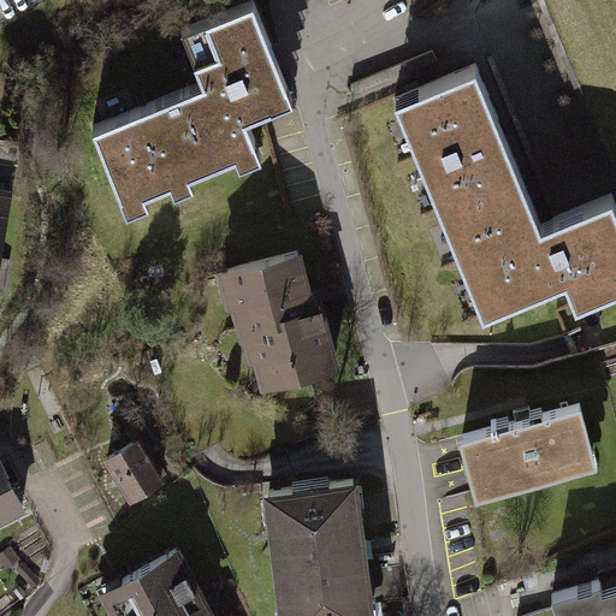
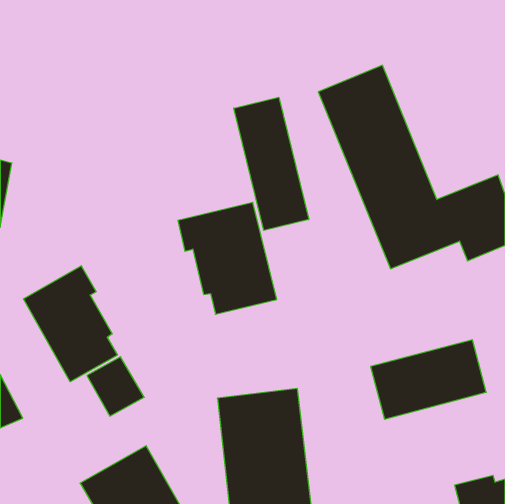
building: [94,12,295,212] -> none
building: none -> [234,97,309,230]
building: none -> [24,266,117,382]

